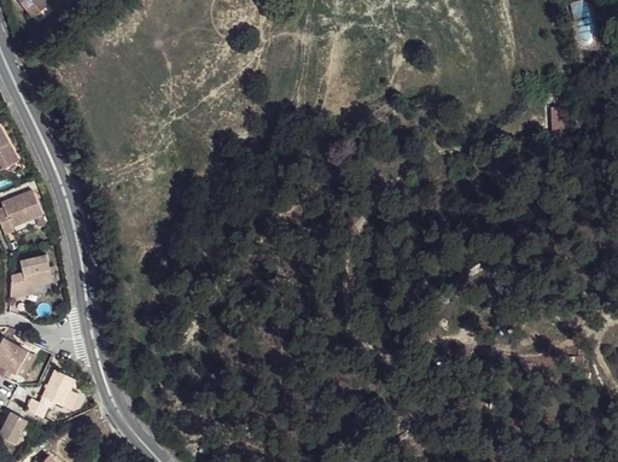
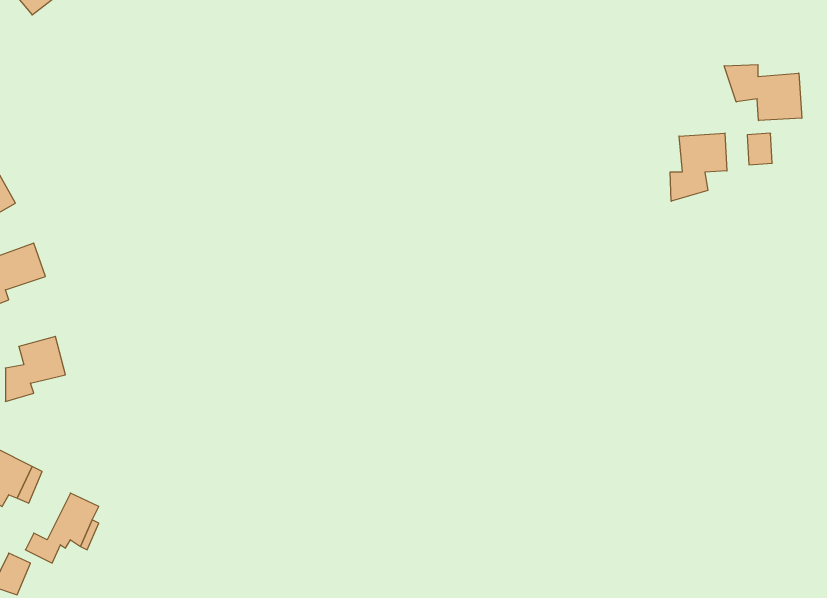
building: none -> [724,65,802,121]
building: none -> [670,133,727,201]

